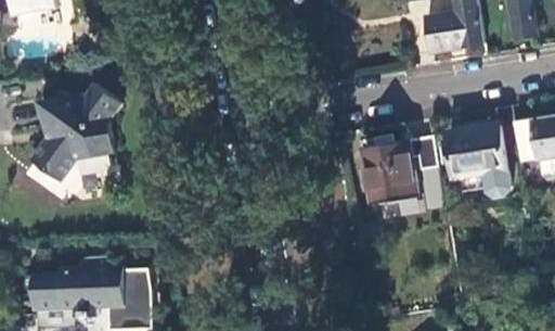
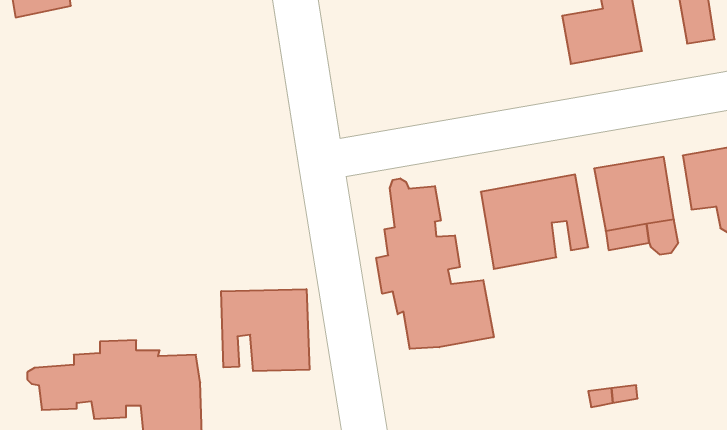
building: [31,86,121,181] -> none
building: none -> [376,178,494,349]
building: none -> [221,289,309,371]

